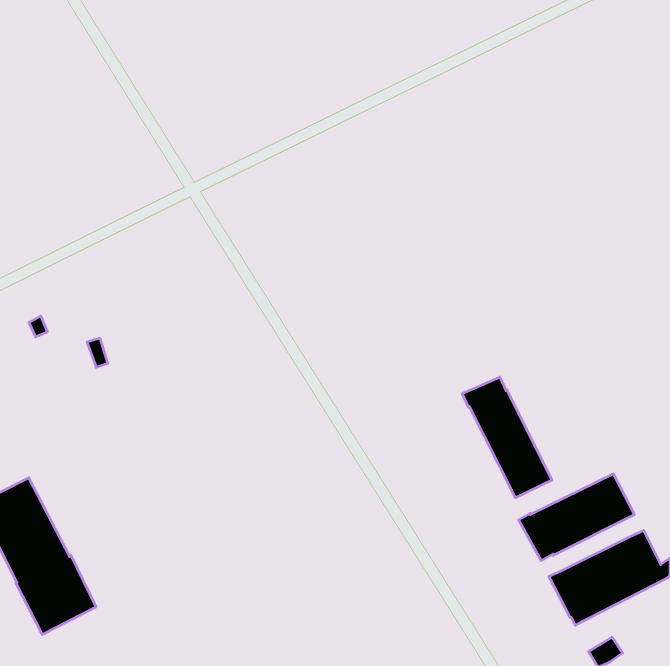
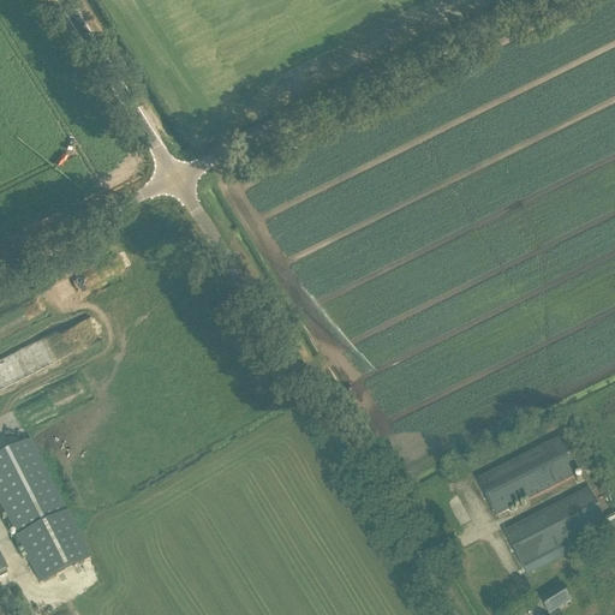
building: [462,377,552,498] -> none

